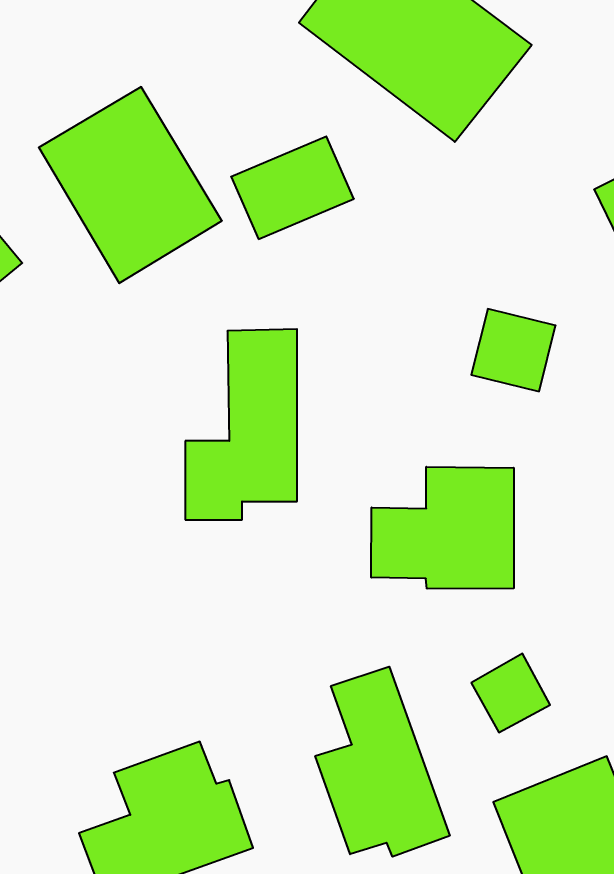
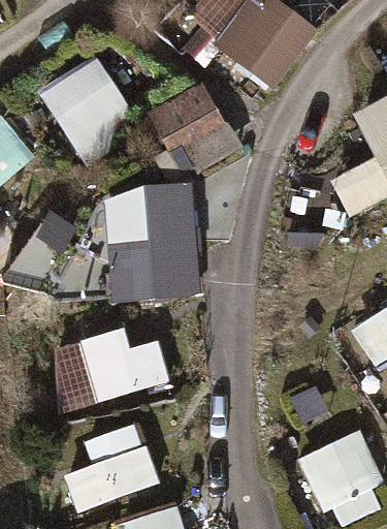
building: [371,467,514,589] -> none
building: none -> [55,326,174,413]
building: [315,667,450,857] -> none

